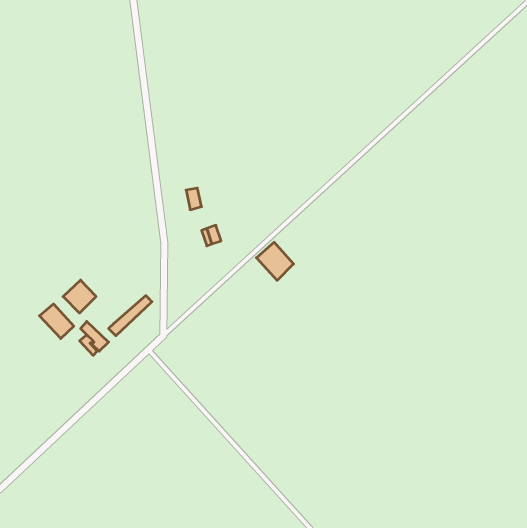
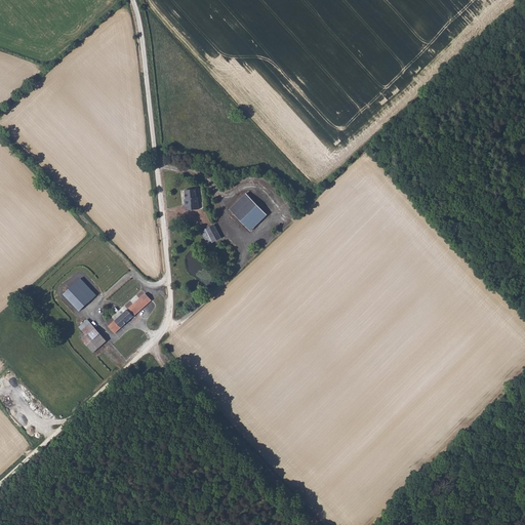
building: [256,242,294,280] -> [228,192,265,230]
building: [39,304,74,339] -> none

